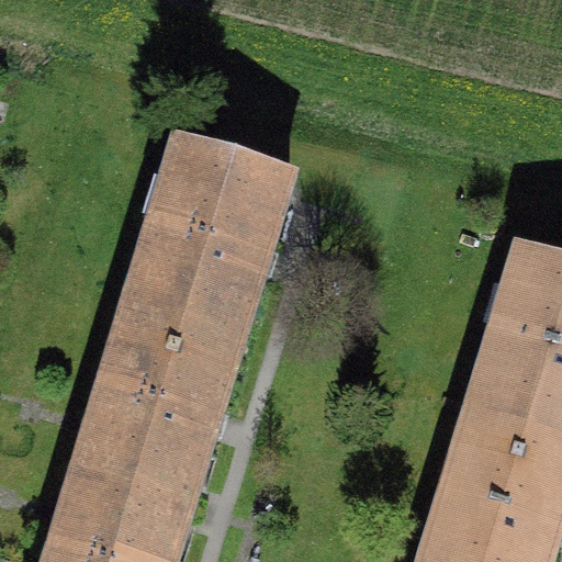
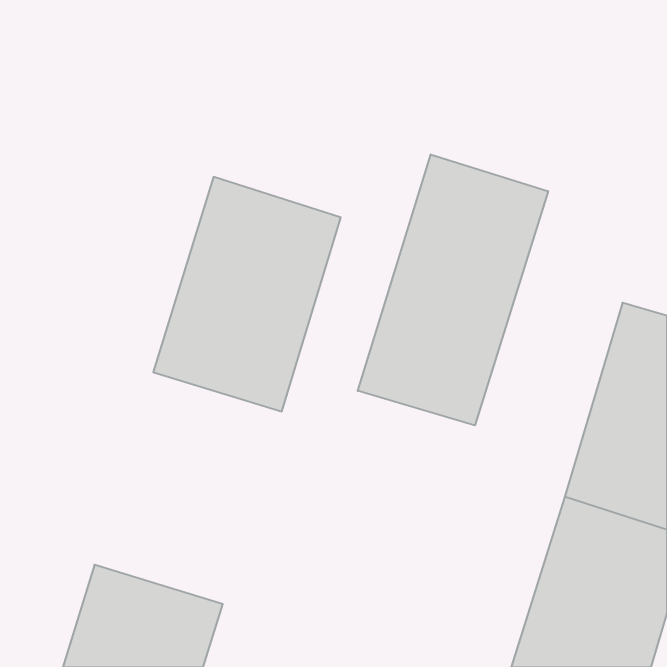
building: none -> [358,154,548,425]
building: [79,312,236,506] -> none

